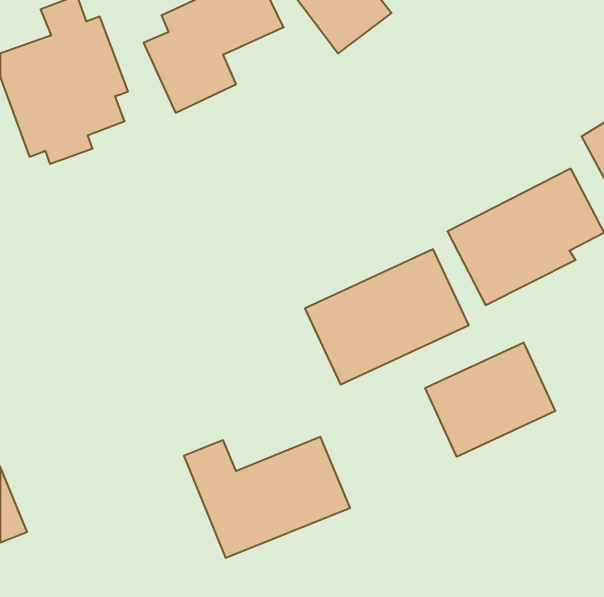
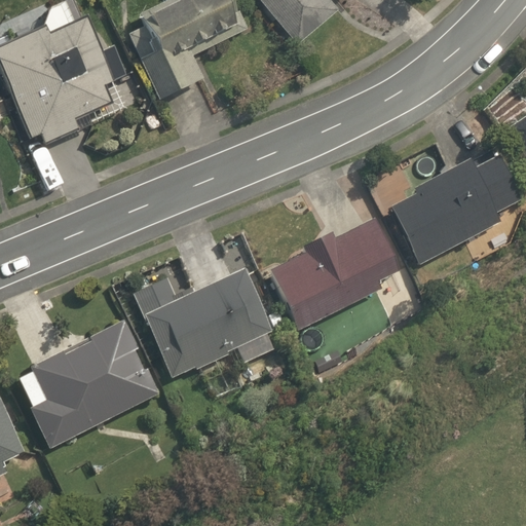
building: [425,342,555,457] -> none
building: none -> [18,320,160,445]
building: [184,437,350,558] -> [130,269,274,374]

